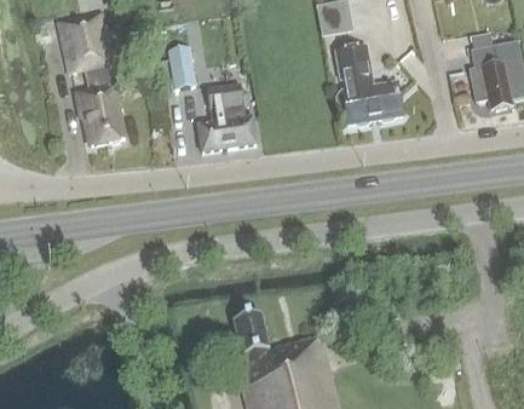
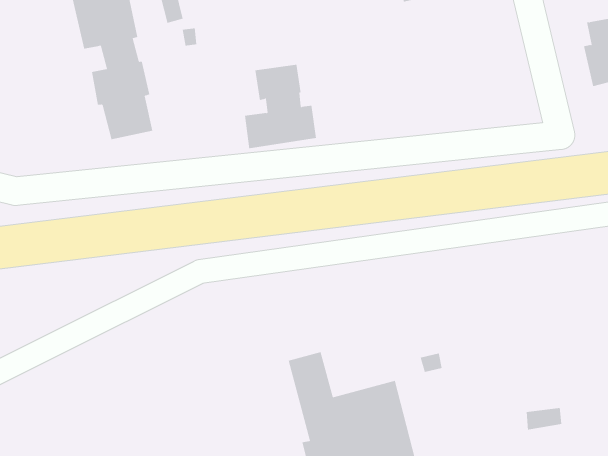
building: [166,45,192,86] -> none
building: [333,46,401,123] -> none

